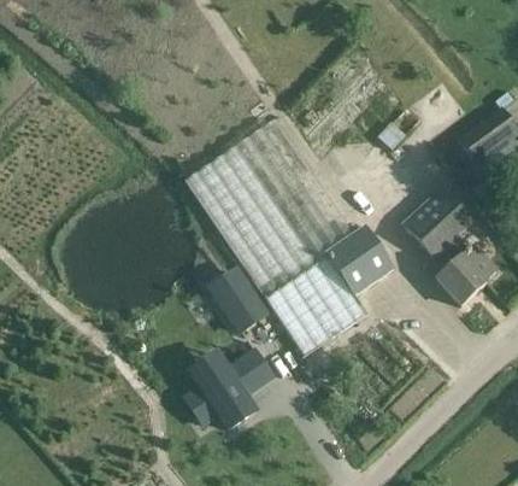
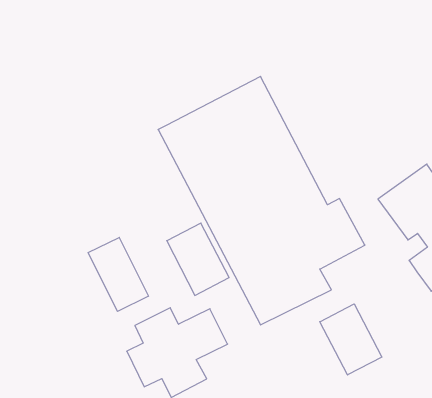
building: none -> [88,237,148,311]
building: none -> [320,304,382,375]

